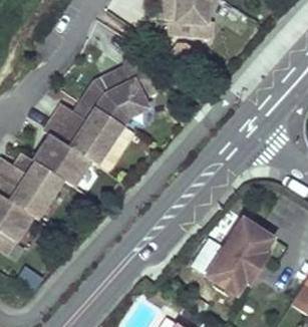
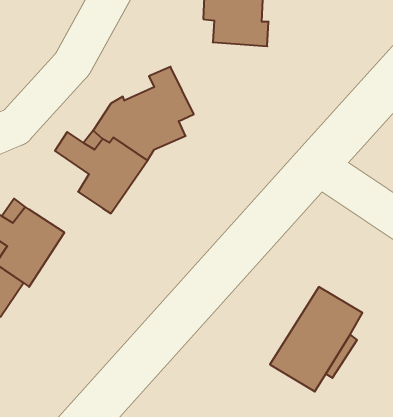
building: [32,119,86,188] -> none

